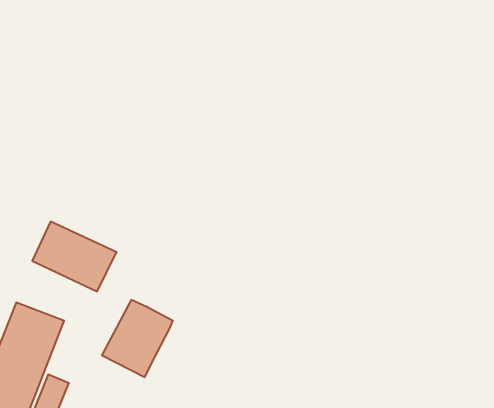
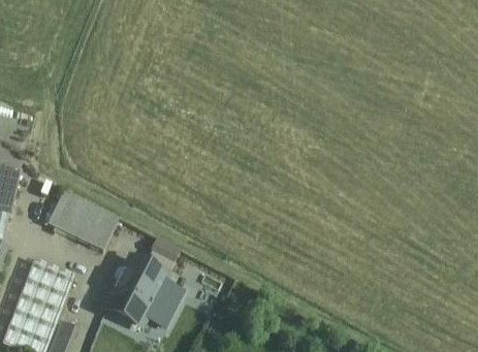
building: none -> [145,237,180,275]
building: none -> [148,280,183,321]

